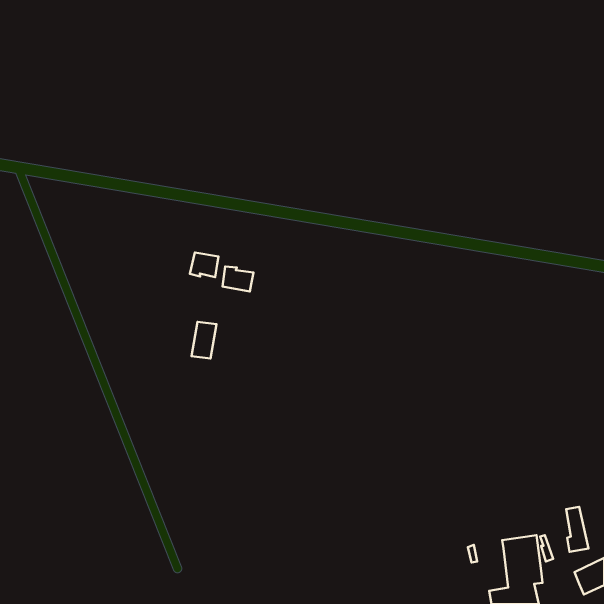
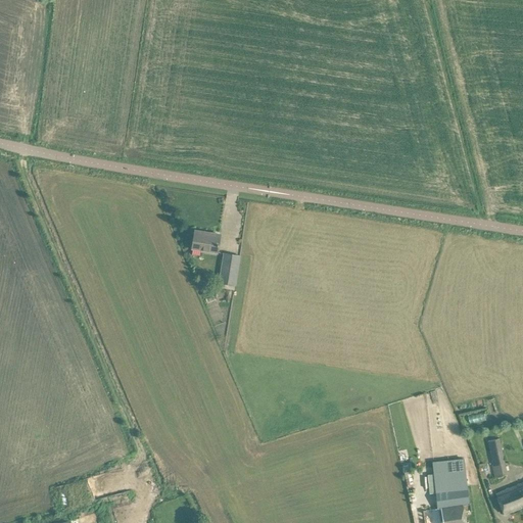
building: [190,252,218,277] -> none
building: [192,322,216,358] -> [218,252,239,284]

